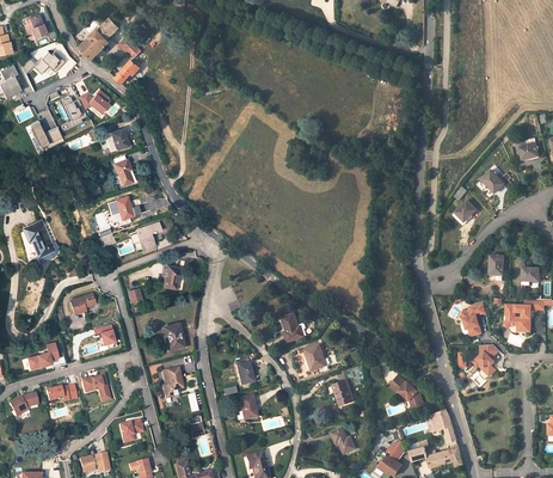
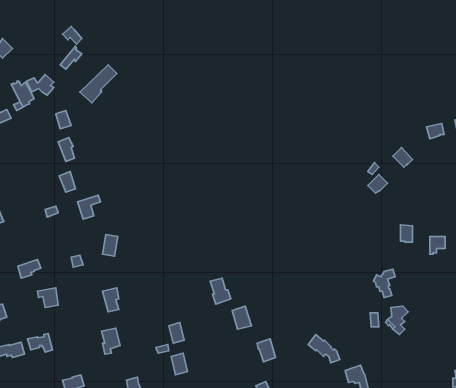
building: [80,18,121,60] -> [80,65,117,103]
building: [506,299,545,327] -> none

